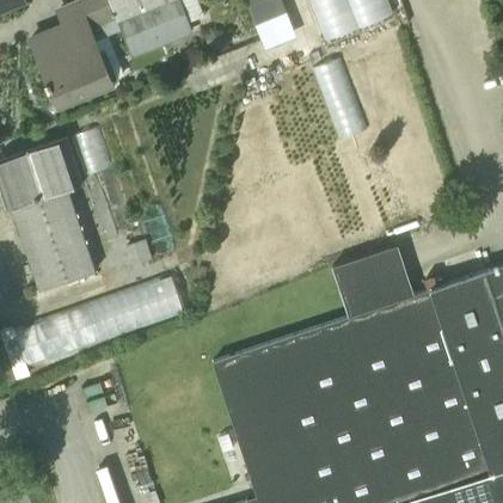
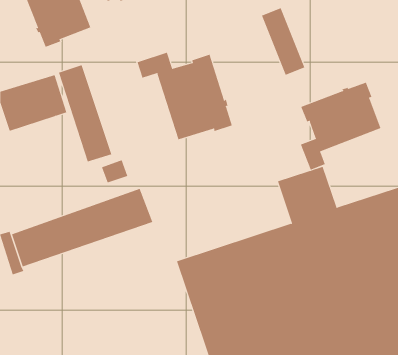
building: none -> [137,52,232,140]
building: none -> [300,82,381,170]
building: [13,189,96,289] -> none

